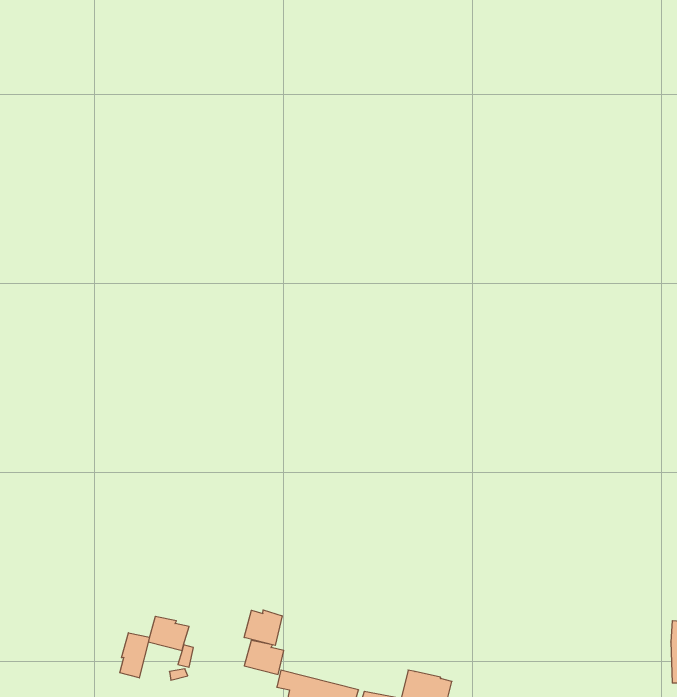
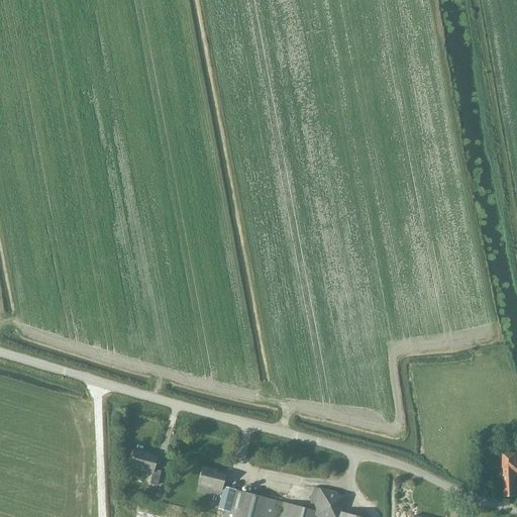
building: [244,610,282,645] -> none
building: [120,633,149,678] -> none

